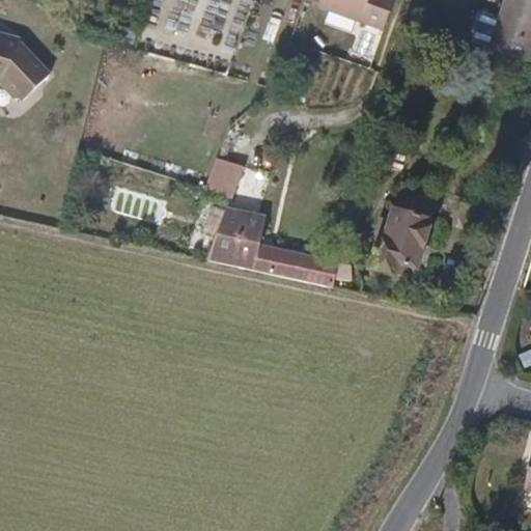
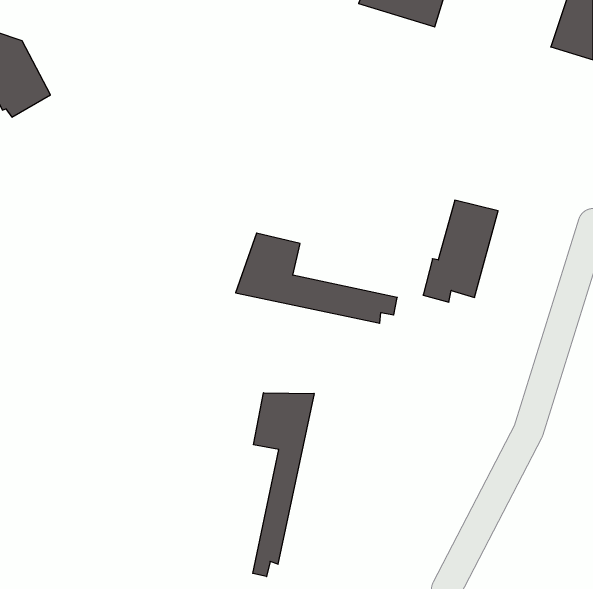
building: [206,157,242,194] -> none
building: none -> [253,393,314,577]

